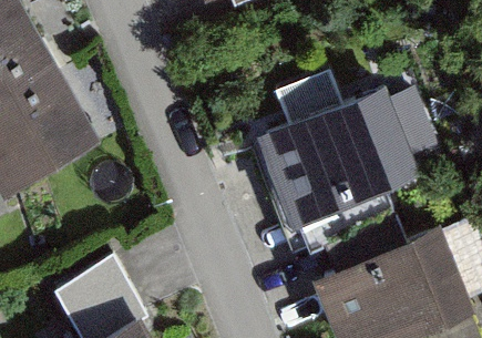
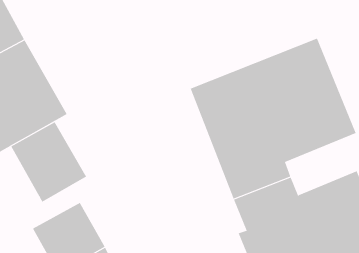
building: none -> [10,121,87,202]

